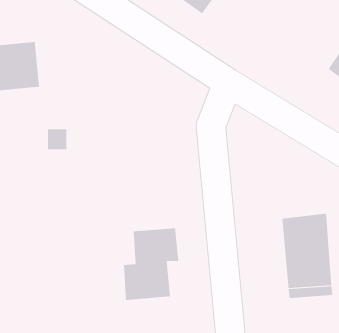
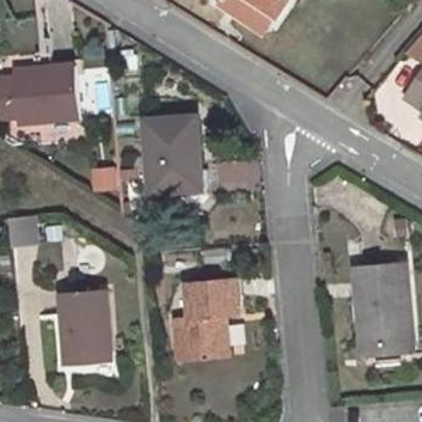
building: none -> [146,116,200,191]
building: none -> [60,289,112,363]

